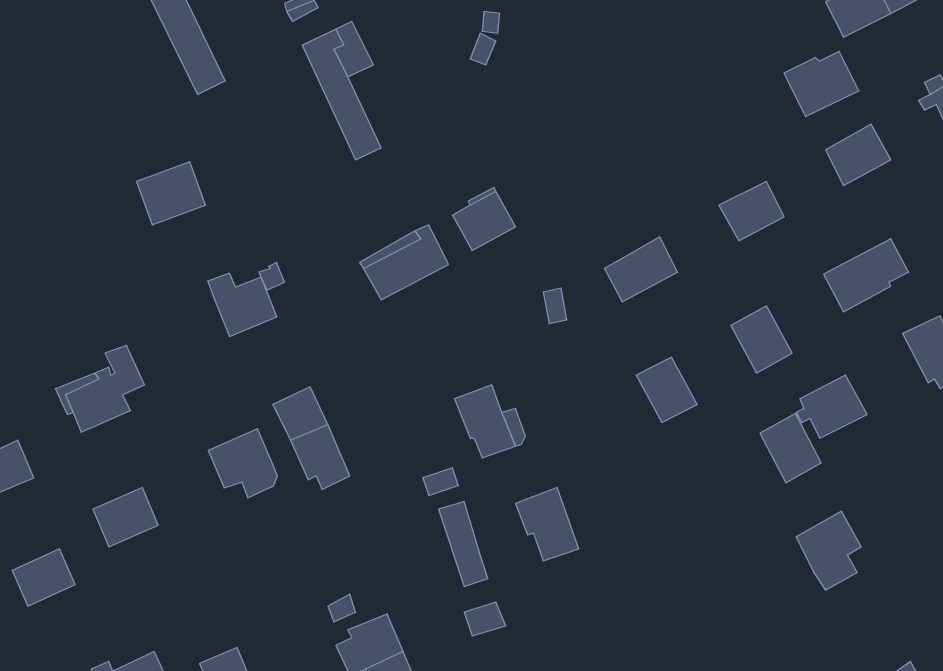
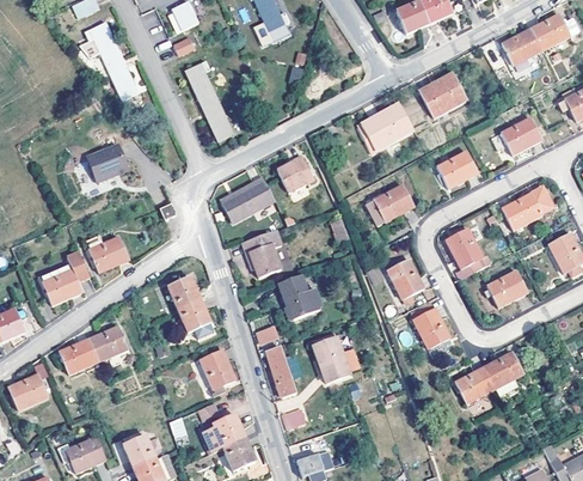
building: [784,51,859,117] -> [419,77,465,116]
building: none -> [357,103,412,152]
building: [208,273,277,336] -> [86,232,128,270]
building: none -> [241,230,282,278]
building: [760,414,821,483] -> [412,306,449,348]
building: [208,429,277,498] -> [88,324,130,366]
building: none -> [201,349,235,396]
building: none -> [455,367,495,403]

